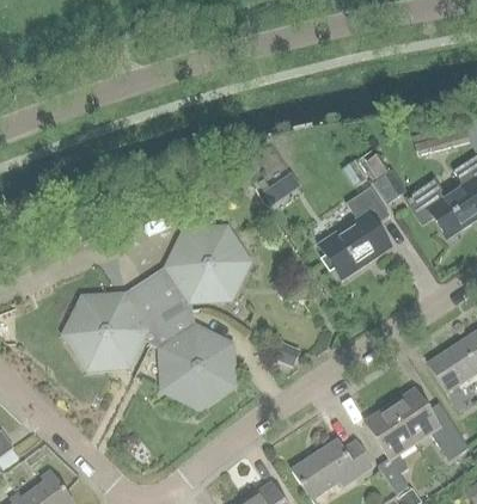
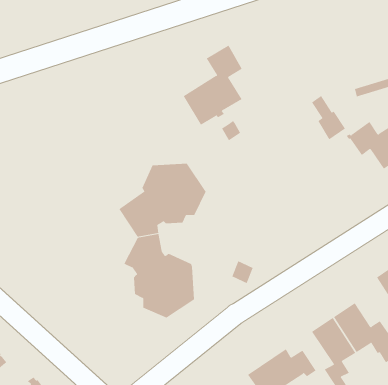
building: [319,185,387,277] -> [183,45,242,126]
building: [66,281,166,368] -> none

